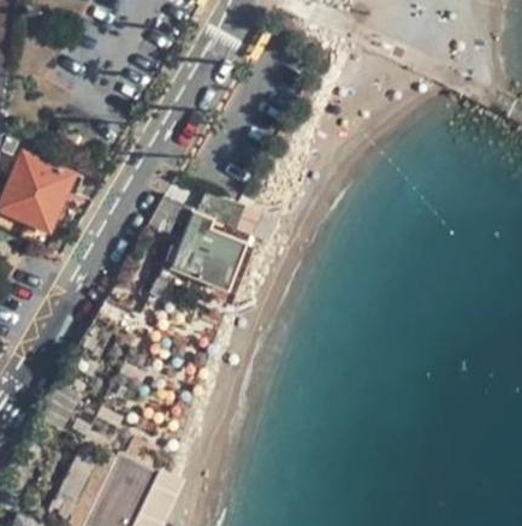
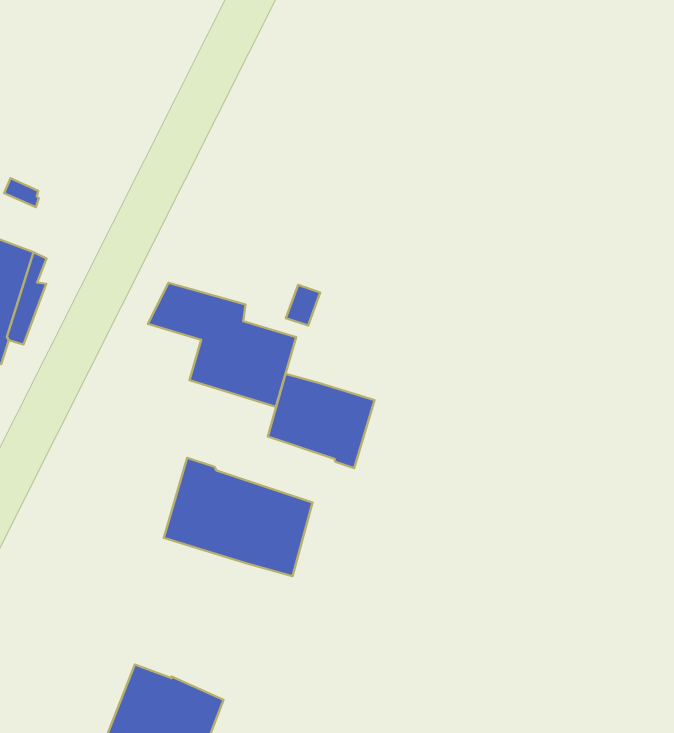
building: none -> [268,374,374,468]
building: none -> [164,458,313,576]

